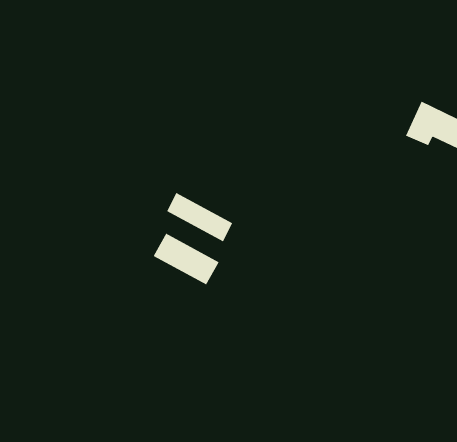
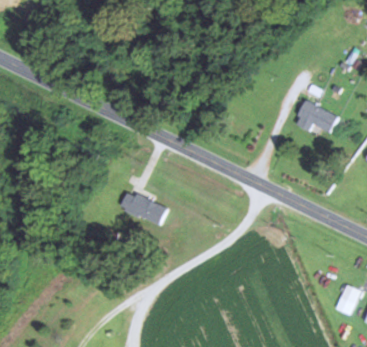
building: [166,192,233,242] -> none

